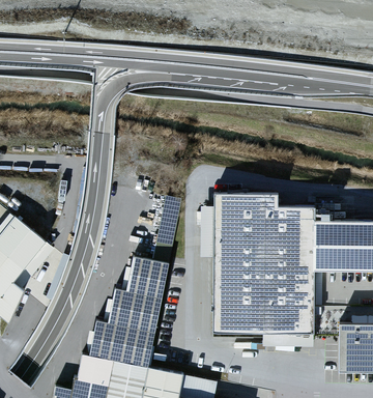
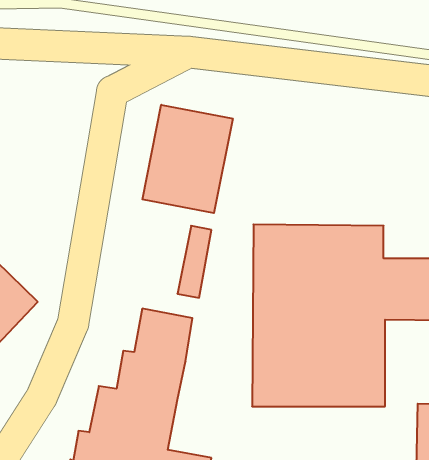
building: none -> [142,105,233,213]

